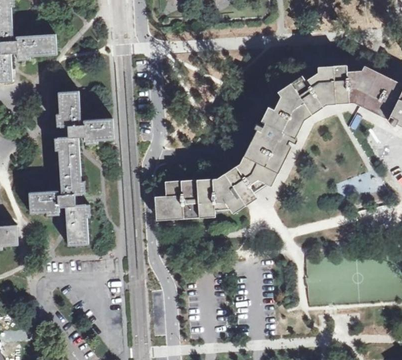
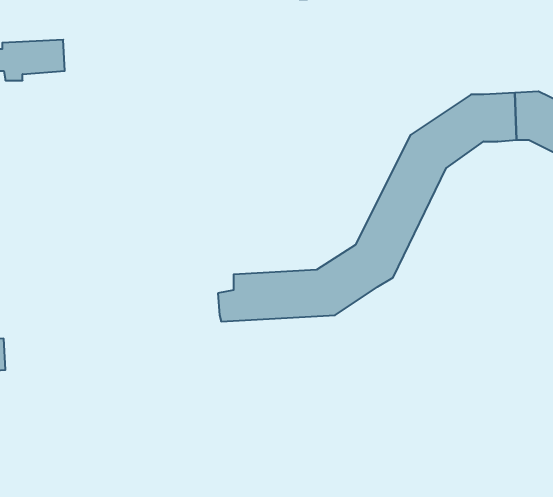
building: [29,91,113,245] -> none

